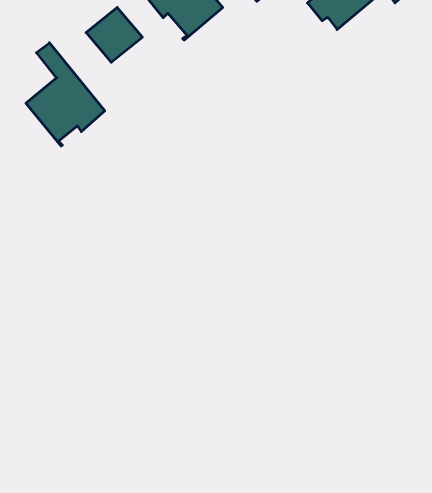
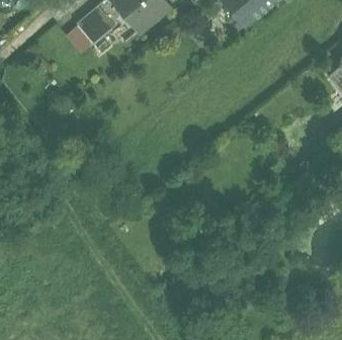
building: [26,43,105,146] -> none

